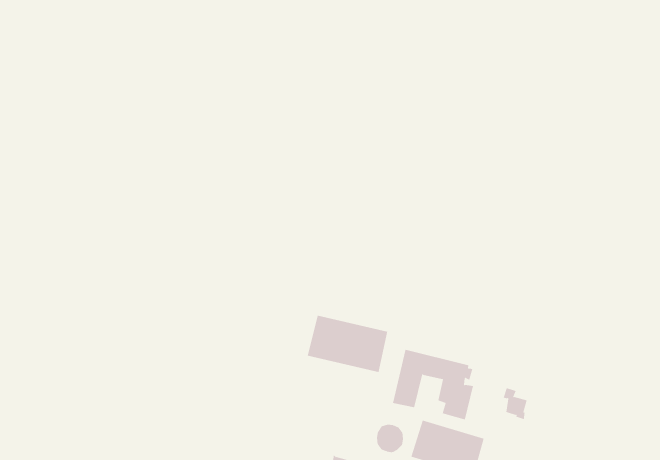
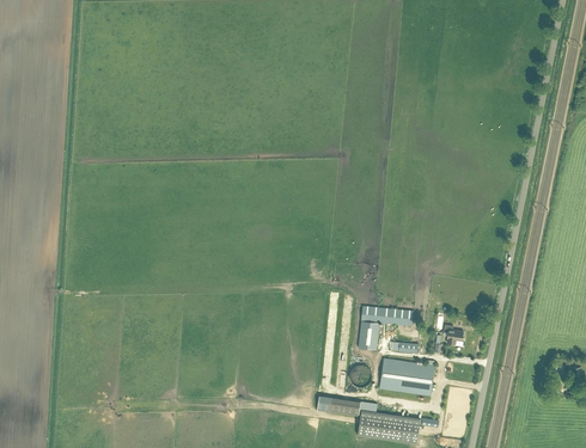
building: [307,315,388,373] -> none

